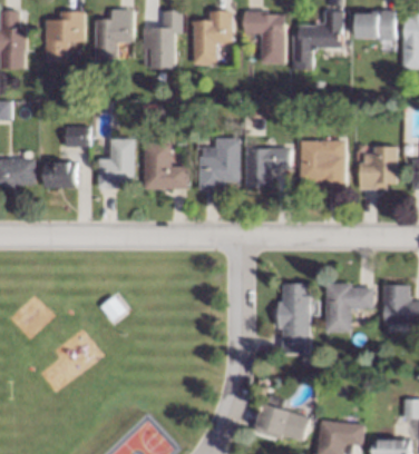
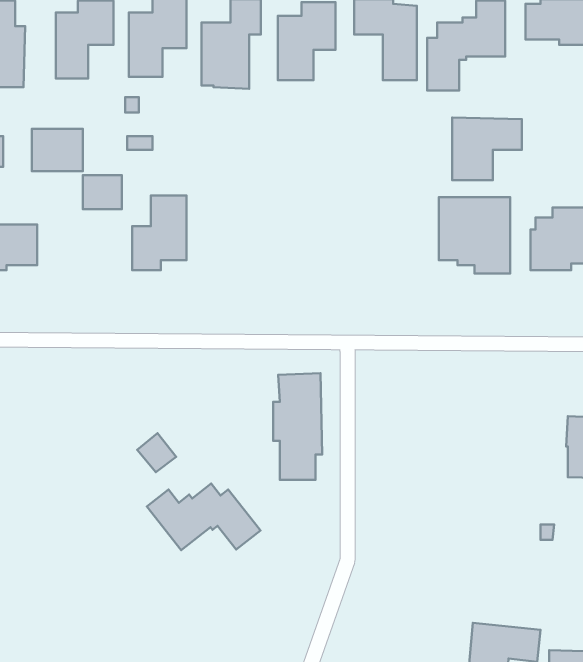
building: [197,137,238,188] -> none
building: [143,142,186,189] -> none
building: [244,147,290,188] -> [452,118,522,180]
building: [43,160,77,188] -> [32,129,83,171]
building: [279,283,311,353] -> [273,373,322,480]
building: [327,283,374,332] -> none
building: none -> [147,484,260,550]
building: [253,393,312,441] -> none

